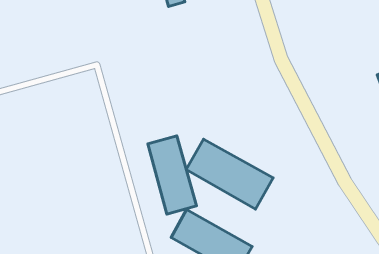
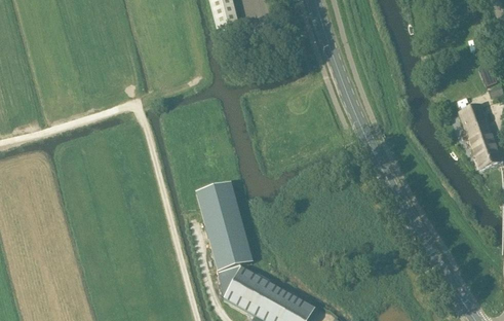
building: [186,139,273,209] -> none

